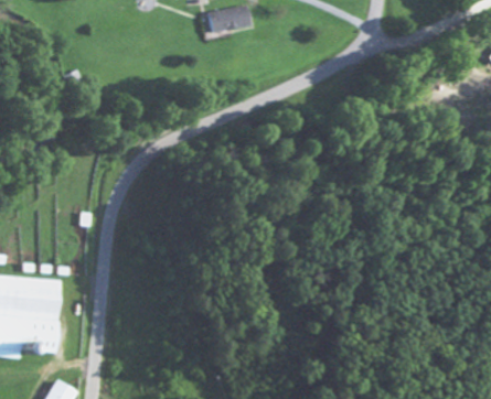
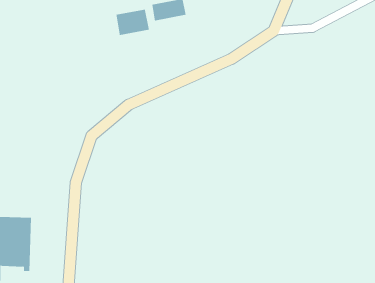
building: none -> [116,9,150,36]

